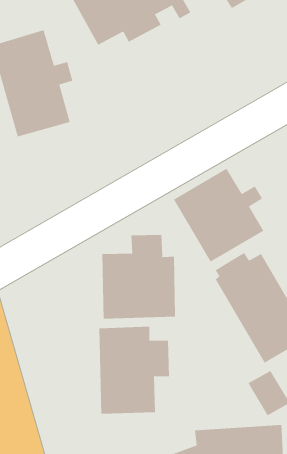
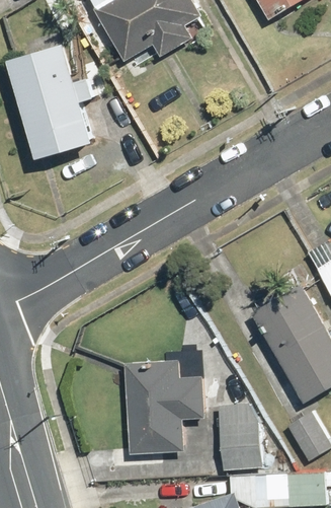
building: [173,168,264,262] -> none
building: [102,234,176,320] -> none
building: none -> [218,402,261,470]

